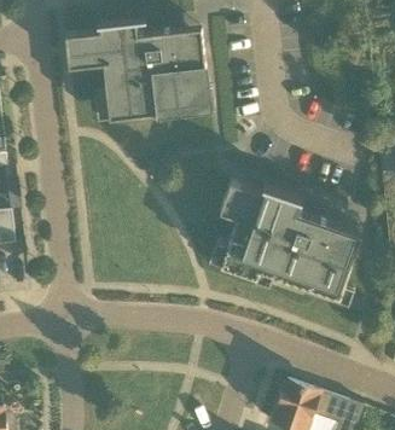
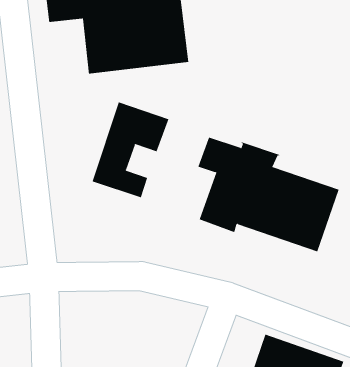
building: none -> [92,102,169,198]

